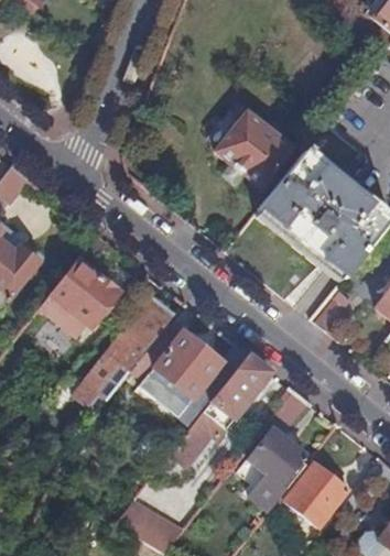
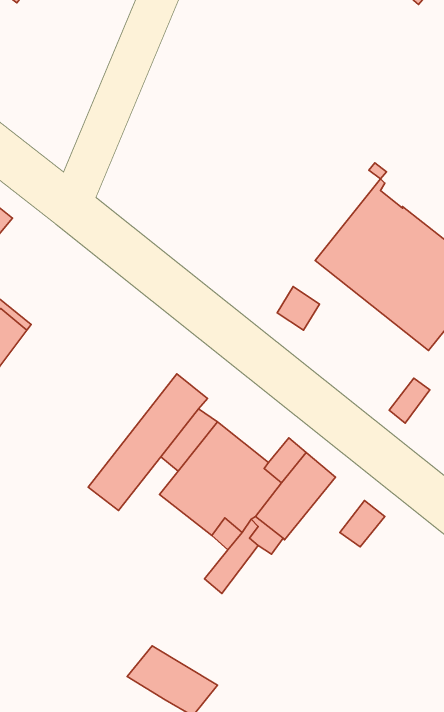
building: [215,111,291,186] -> none
building: [41,259,118,335] -> none
building: [250,428,307,511] -> none
building: [286,462,349,525] -> none

